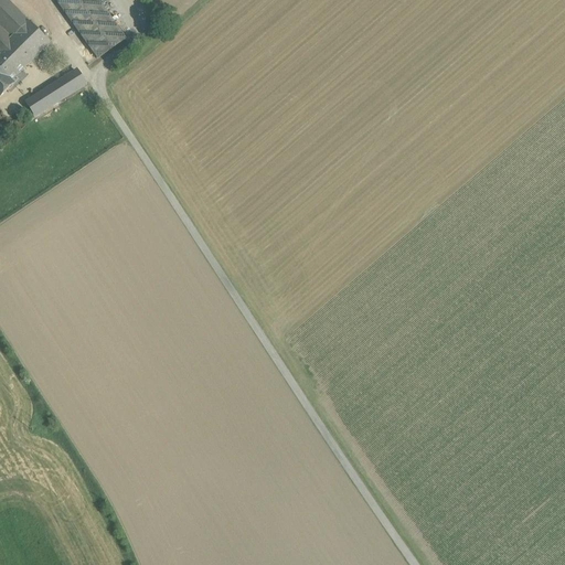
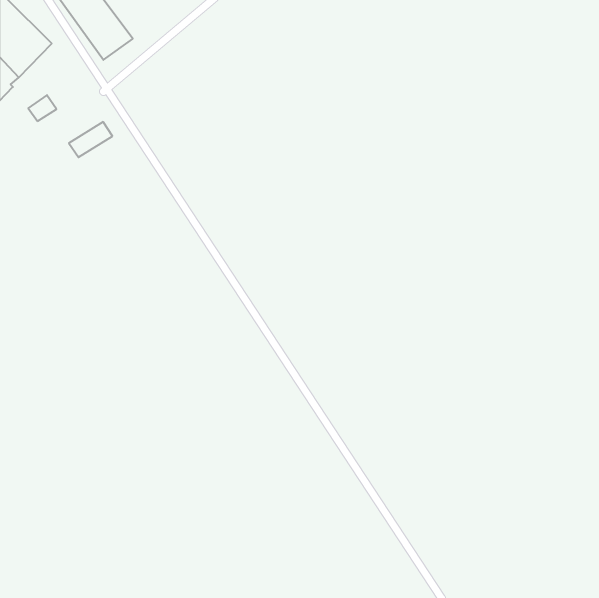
building: [44,70,85,103] -> [69,122,112,157]

